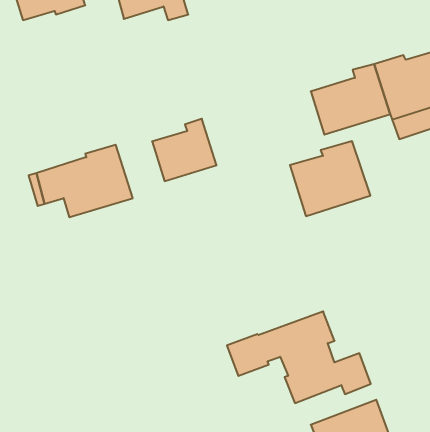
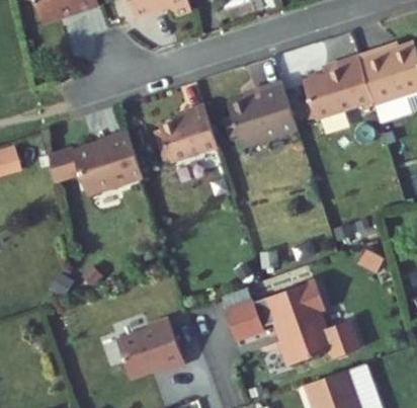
building: [290,141,370,216] -> [226,84,298,151]
building: none -> [120,317,186,374]

